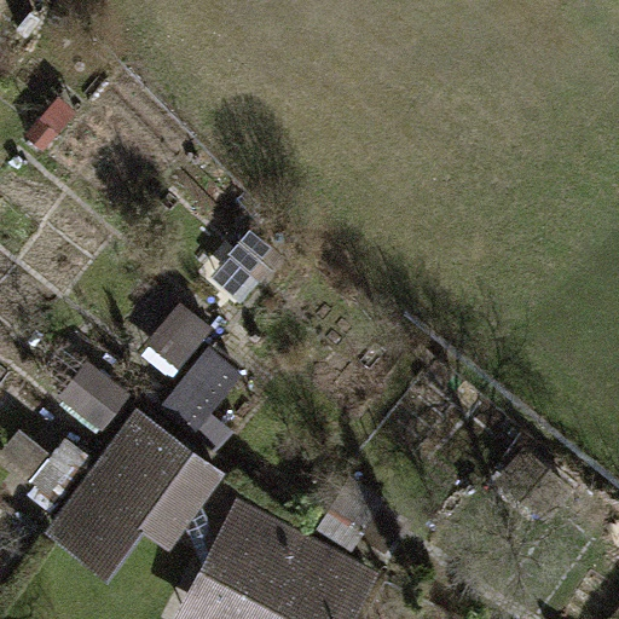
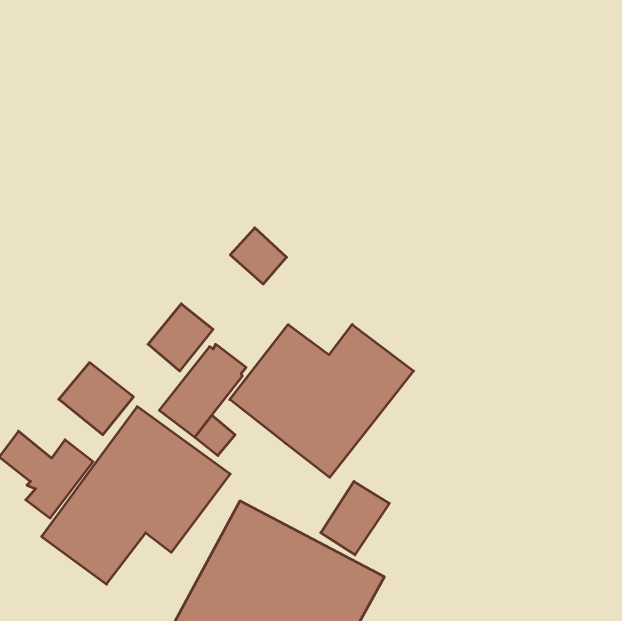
building: none -> [230,324,414,477]

